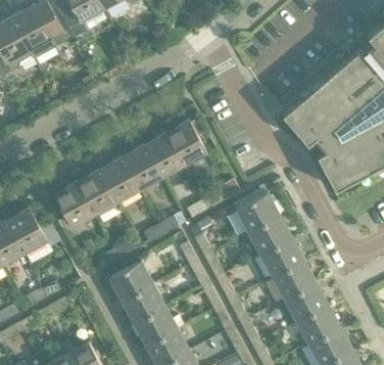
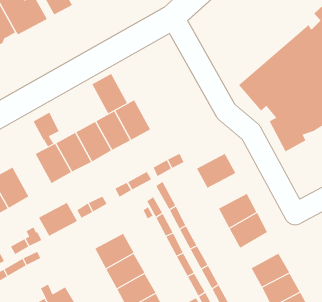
building: [165,120,206,166] -> [92,73,128,114]
building: none -> [33,112,60,147]
building: [247,215,292,255] -> none
building: [108,261,153,300] -> [38,202,78,237]
building: [284,281,328,322] -> none

